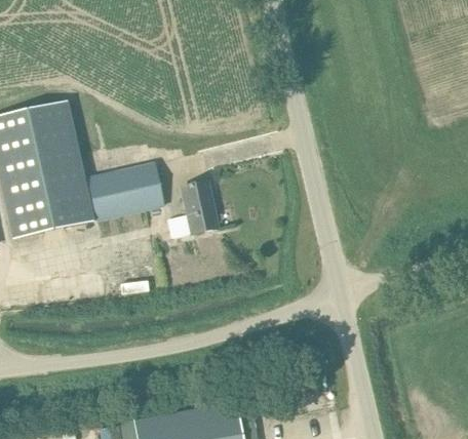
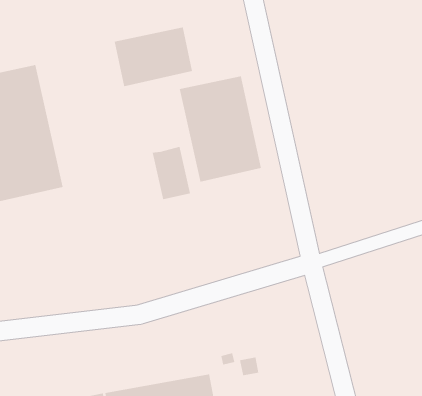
building: none -> [179,76,261,183]
building: [86,161,163,219] -> [114,27,193,87]

